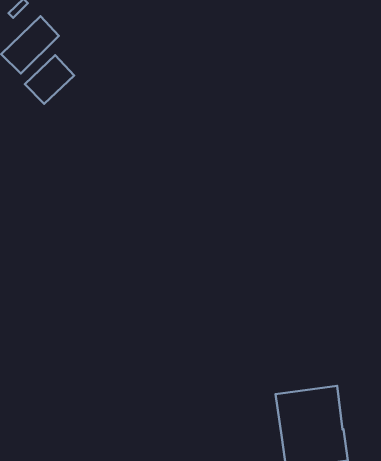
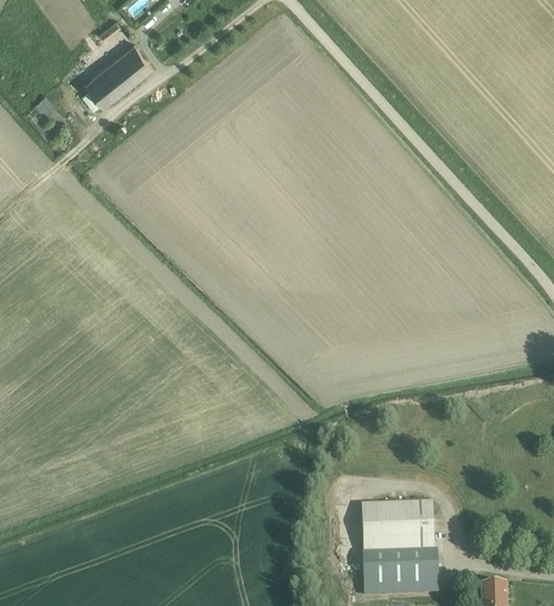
building: [25,55,74,104] -> none

